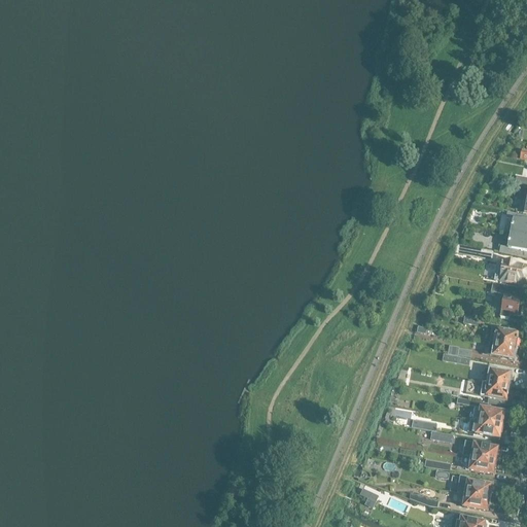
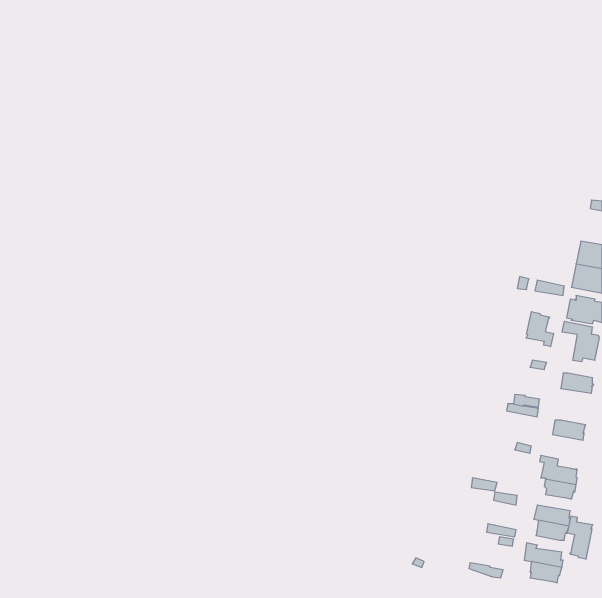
building: none -> [526,312,553,347]
building: [487,340,517,358] -> none
building: [480,380,510,398] -> none
building: none -> [568,516,593,559]

